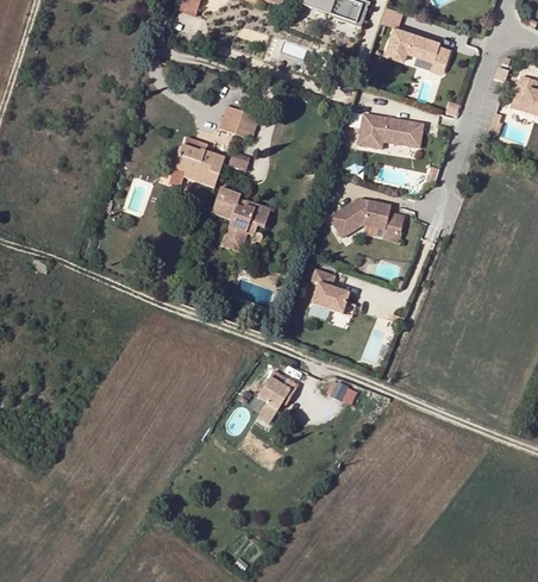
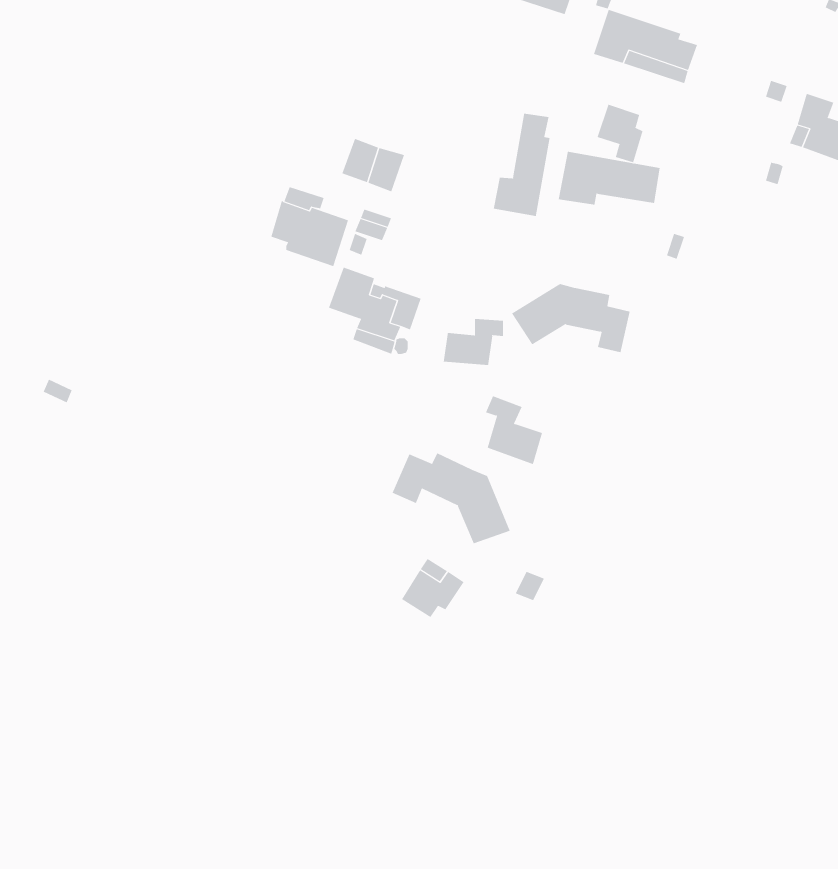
building: none -> [597,104,643,163]
building: none -> [493,113,550,217]
building: none -> [443,318,504,366]
building: none -> [392,453,511,544]

